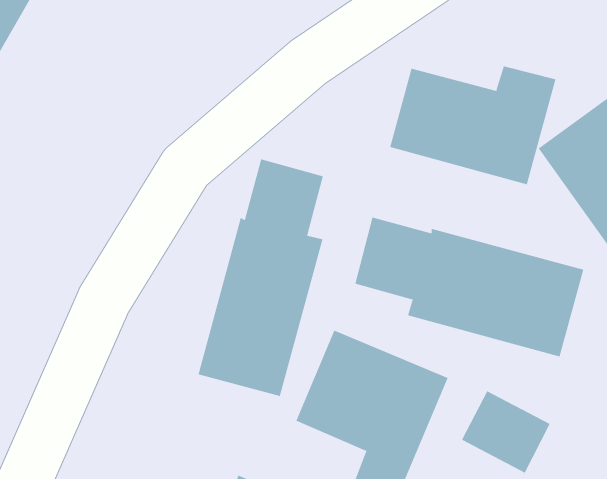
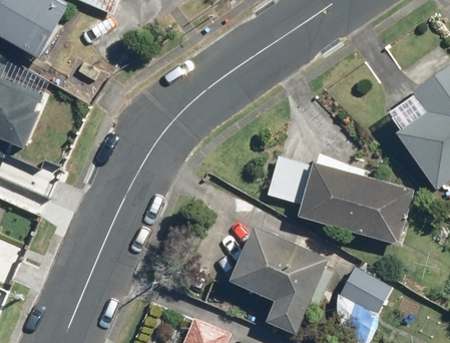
building: [389,66,556,185] -> none
building: [198,158,324,397] -> none

